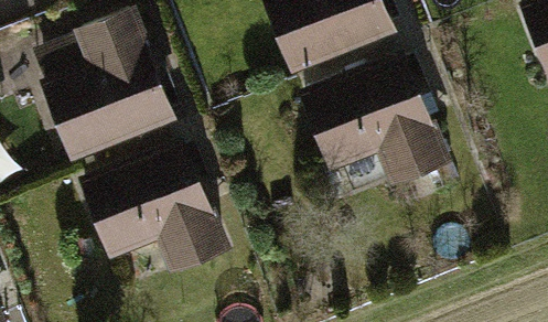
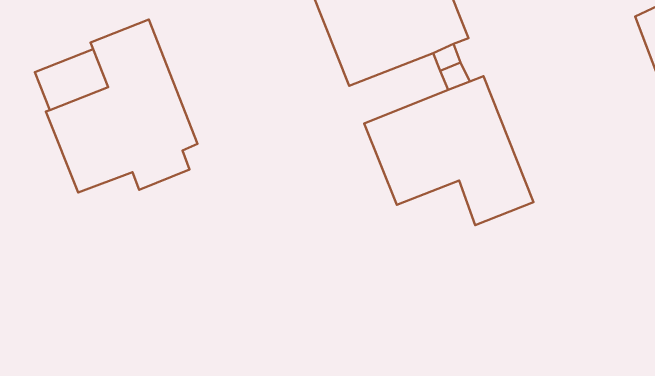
building: [87,139,225,271] -> none

